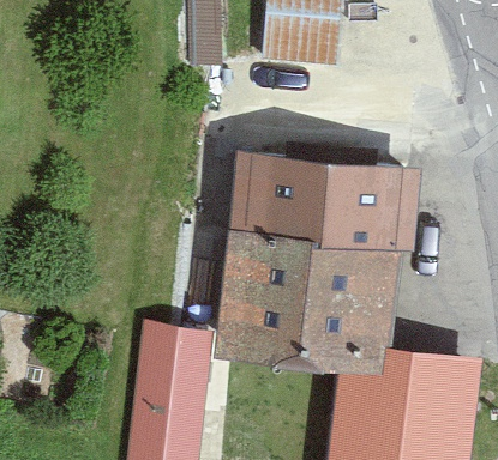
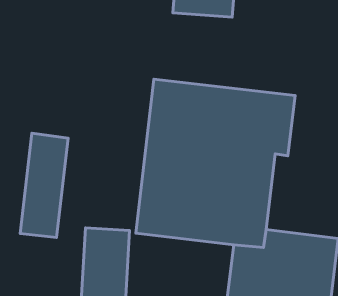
building: none -> [20,133,68,237]

